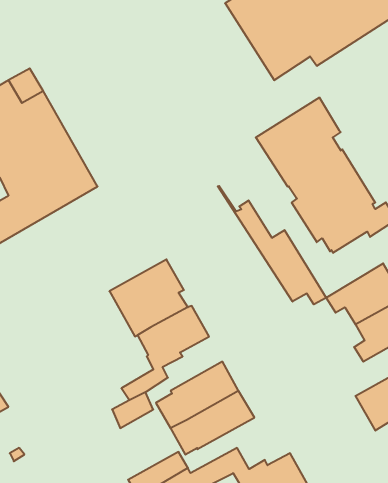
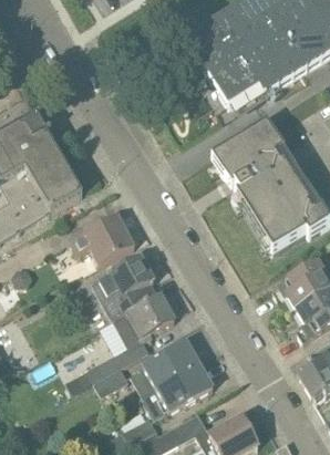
building: [218,186,326,304] -> none
building: none -> [71,215,136,266]

